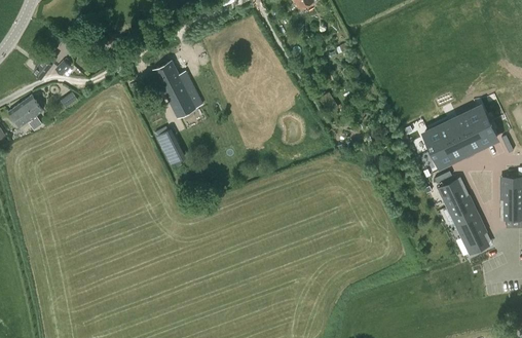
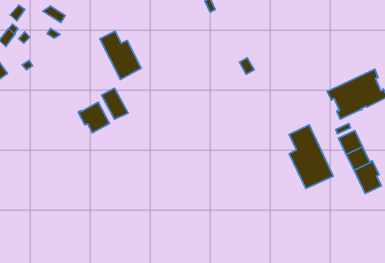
building: none -> [78,102,109,133]
building: none -> [289,125,333,188]

